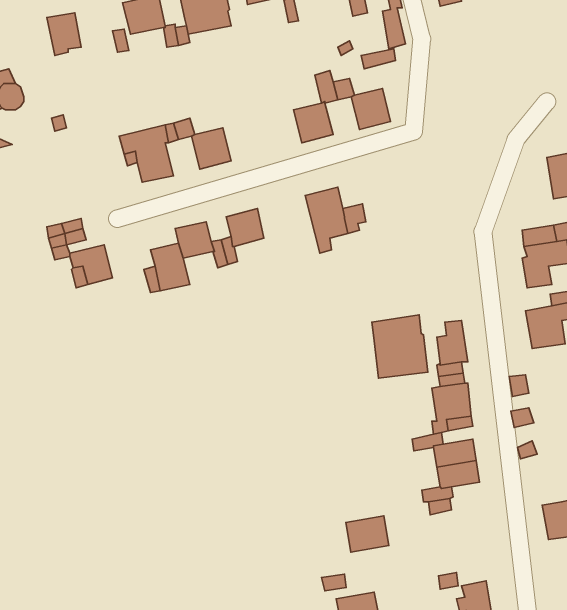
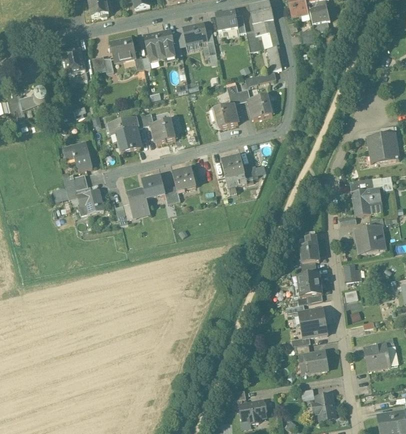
building: none -> [62,141,92,171]
building: [372,315,428,378] -> none
building: [346,516,389,552] -> [300,352,326,374]

